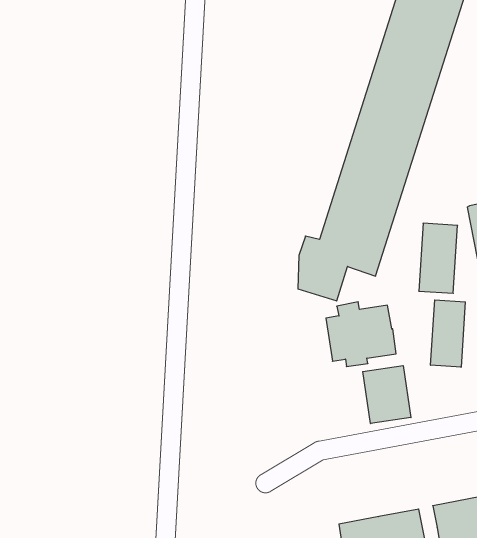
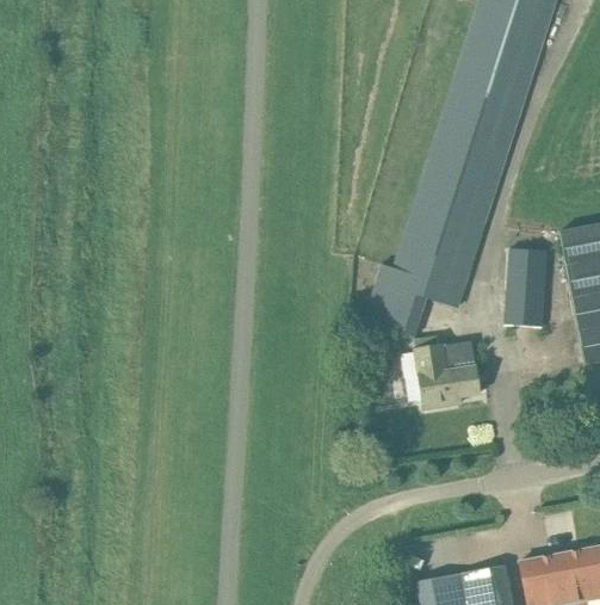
building: [431,300,465,367] -> none
building: [363,366,411,424] -> none

